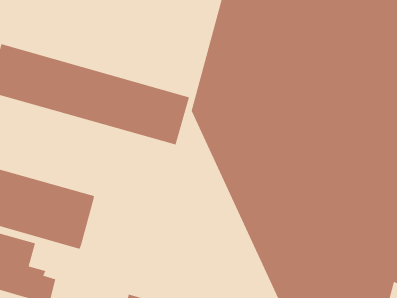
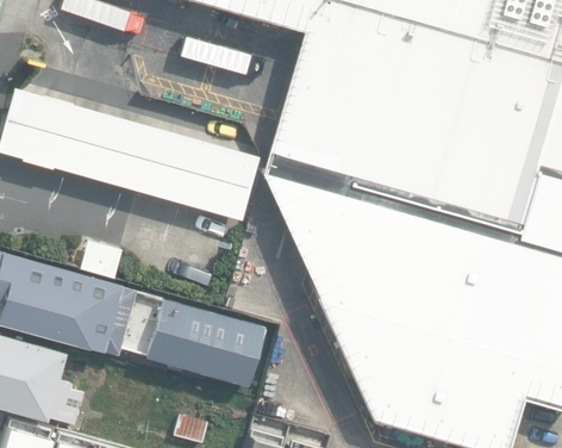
building: none -> [121,291,266,385]

